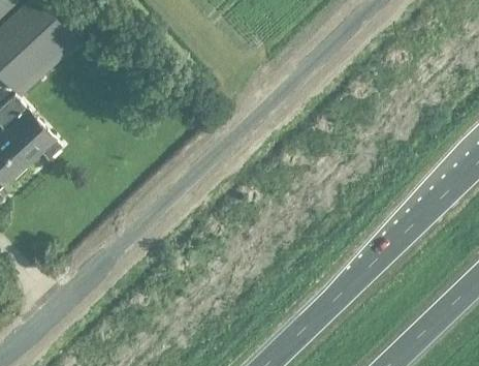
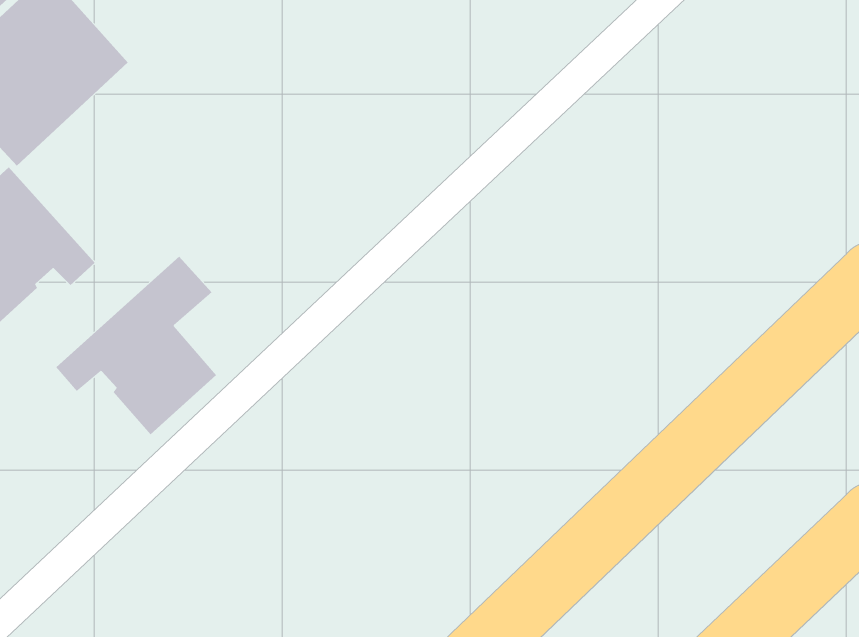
building: none -> [55,256,217,435]

